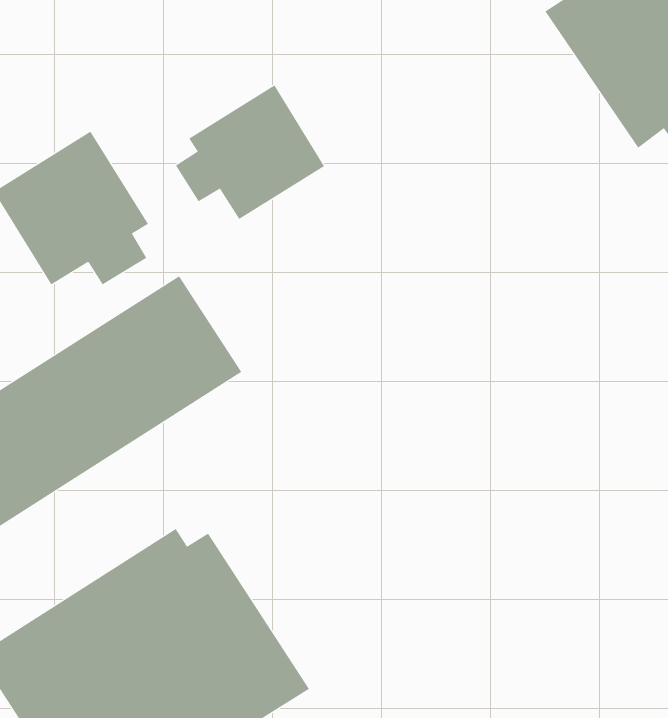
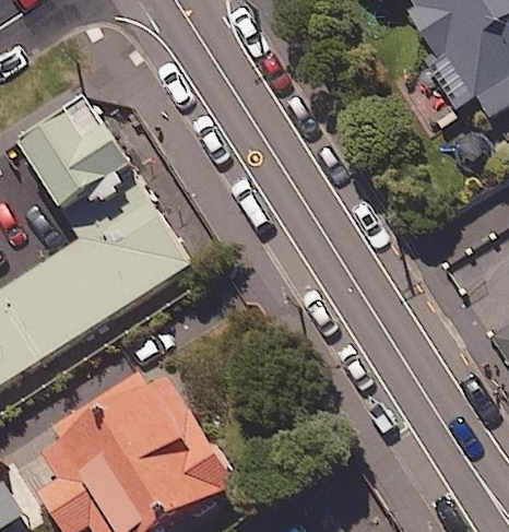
building: [175,85,325,220] -> none

